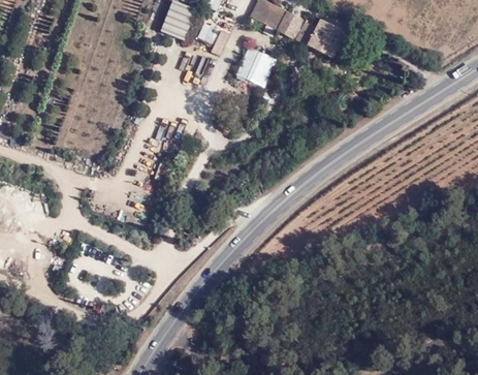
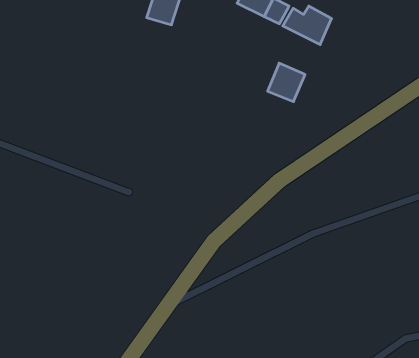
building: [196,21,230,56] -> none
building: [238,48,276,86] -> [268,63,305,102]

